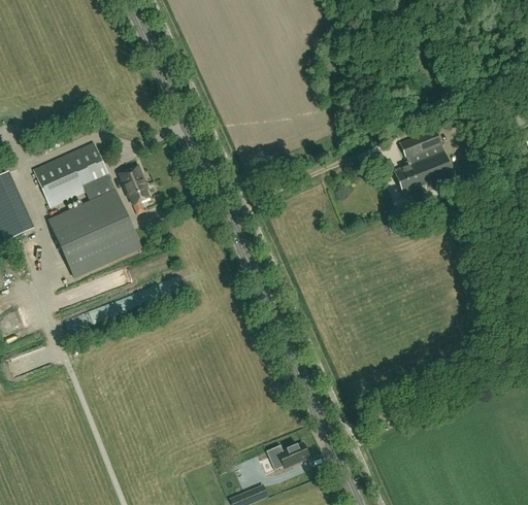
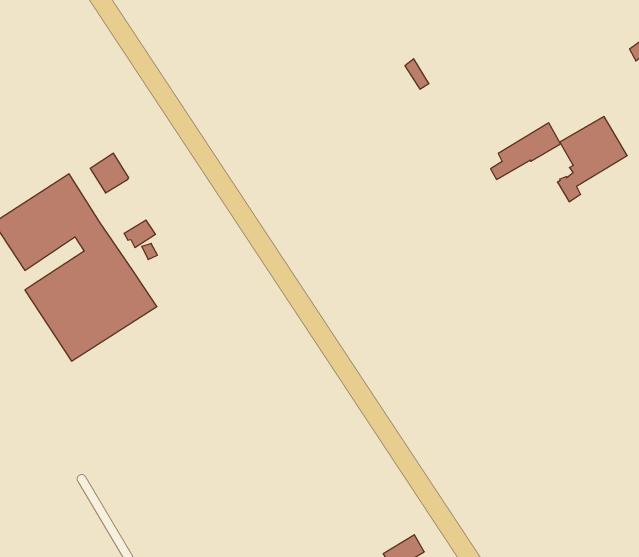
building: [394,129,448,187] -> [557,117,627,202]
building: [119,164,145,192] -> [90,153,129,193]

